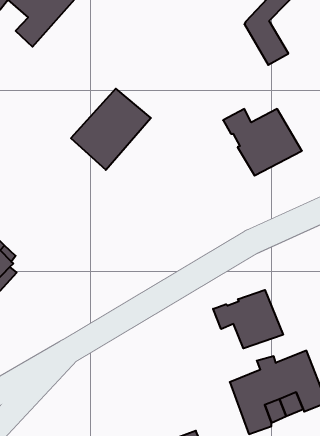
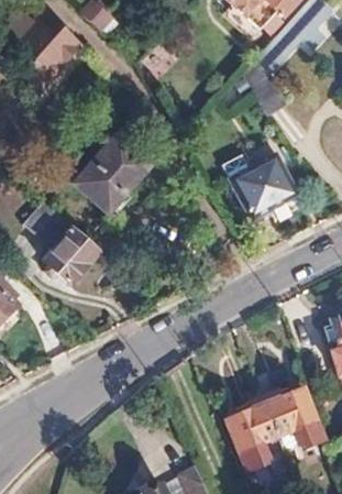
building: none -> [21,198,99,283]
building: [213,290,283,348] -> none

